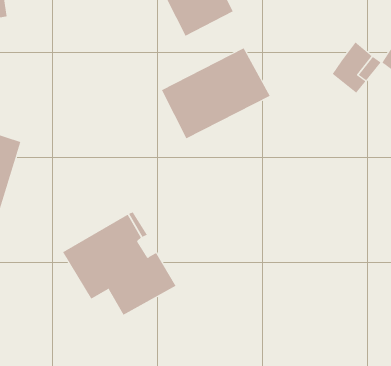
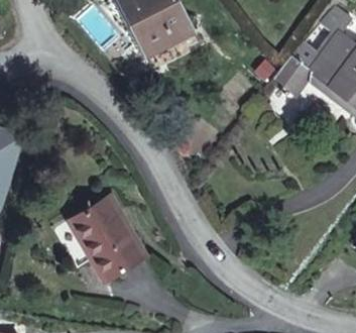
building: [161,47,270,139] -> none

